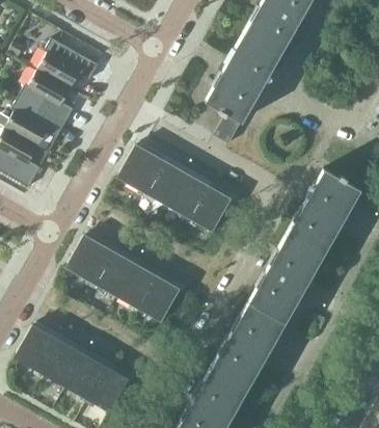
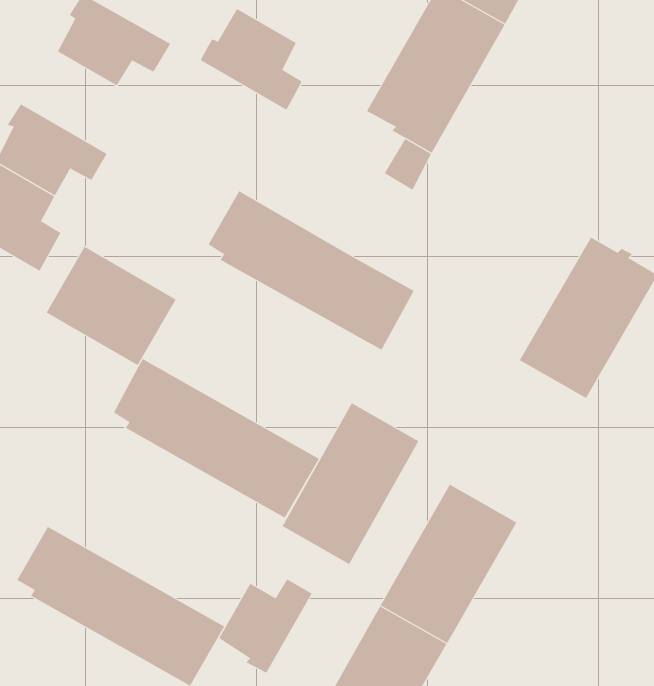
building: [18,70,73,125] -> [200,8,302,110]
building: none -> [46,246,176,366]
building: [248,236,322,323] -> [282,403,419,565]
building: none -> [219,578,313,673]

